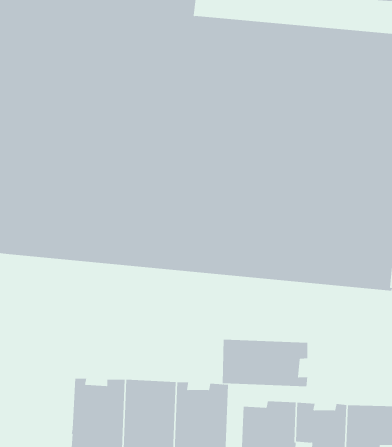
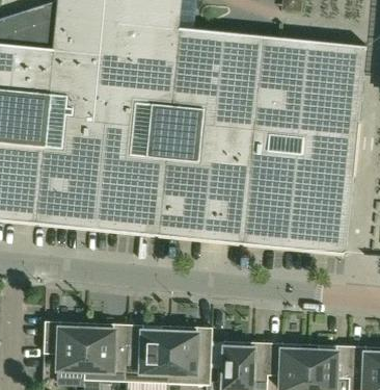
building: [222,339,308,387] -> none
building: none -> [44,321,87,369]

